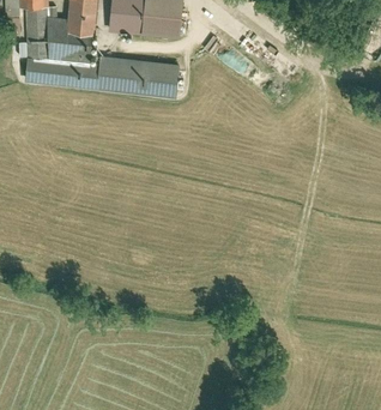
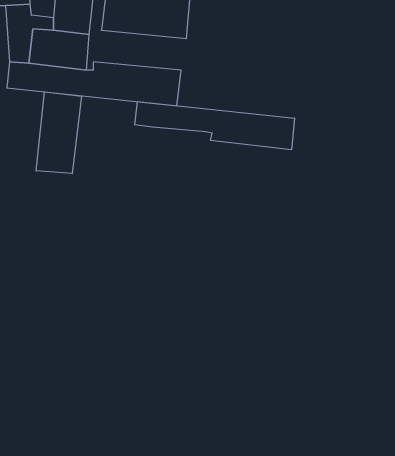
building: none -> [36,92,81,174]
building: none -> [135,102,295,150]

